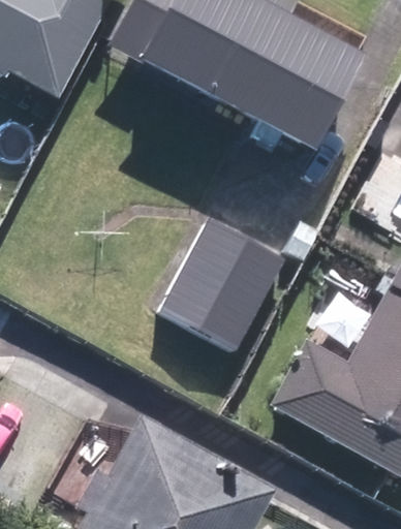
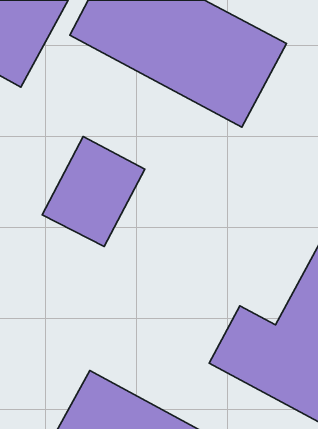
building: [164,223,281,348] -> [42,136,145,247]

